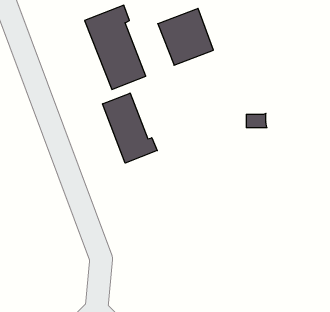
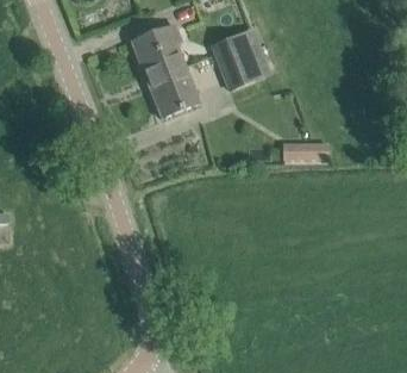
building: [103,93,157,163] -> none

